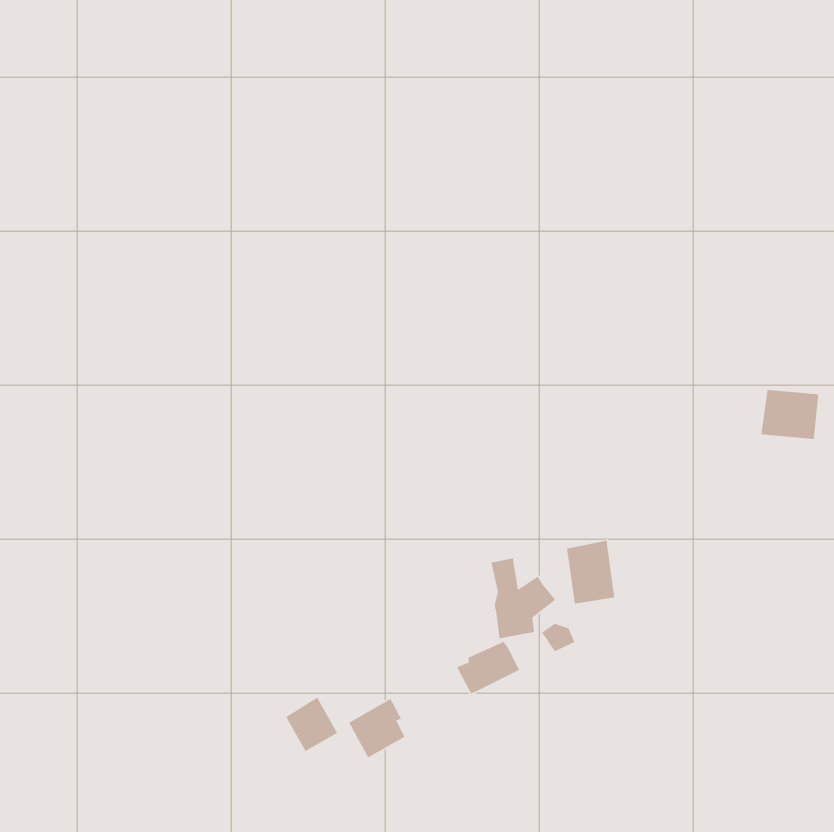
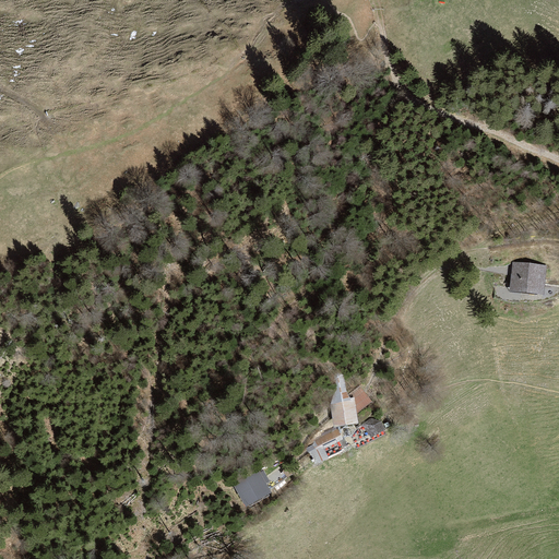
building: [566,540,615,604] -> none
building: [285,697,338,752] -> none

